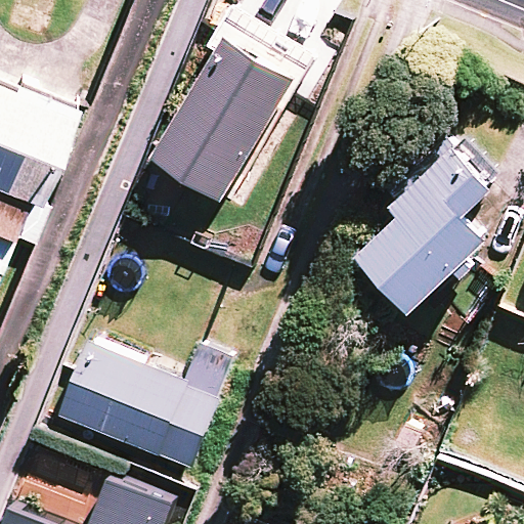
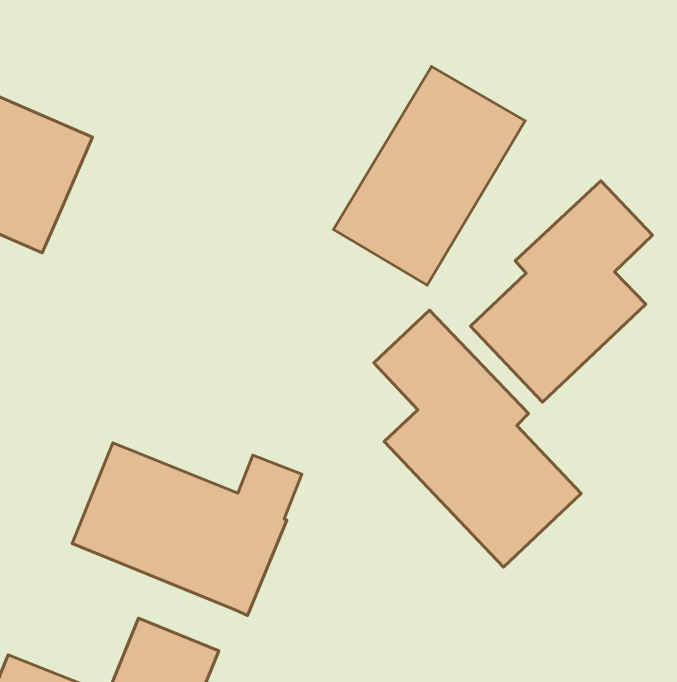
building: [149,36,294,201] -> [333,67,525,285]
building: none -> [374,310,581,567]

